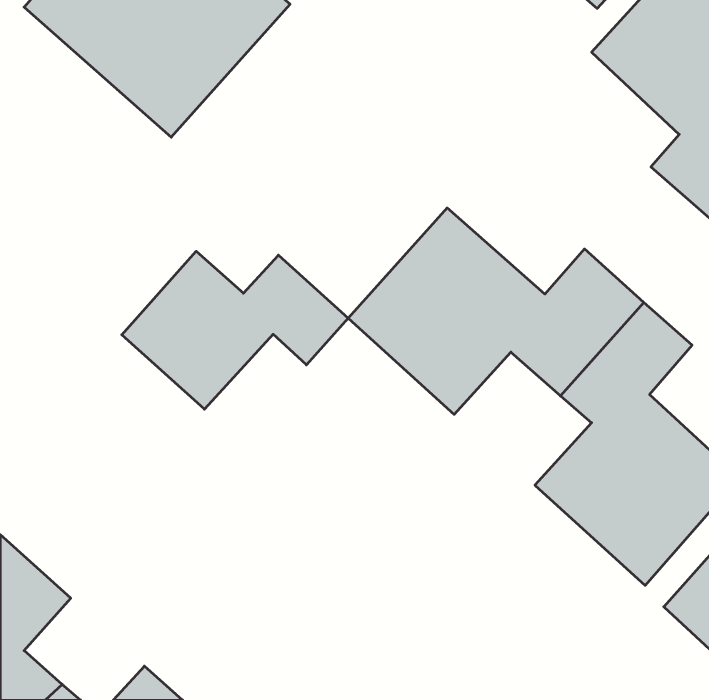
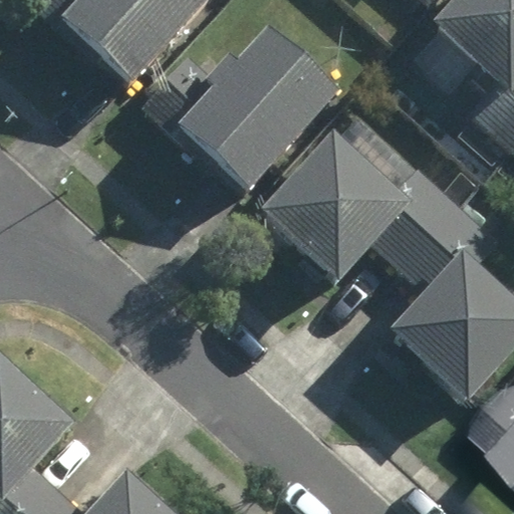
building: none -> [149,46,334,204]
building: [122,251,348,409] -> none

